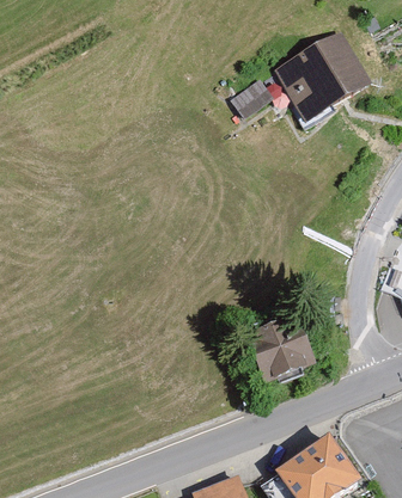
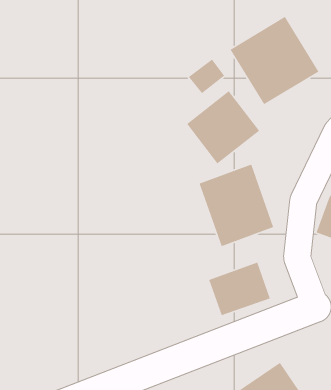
building: none -> [186,90,260,165]
building: none -> [199,163,274,247]

